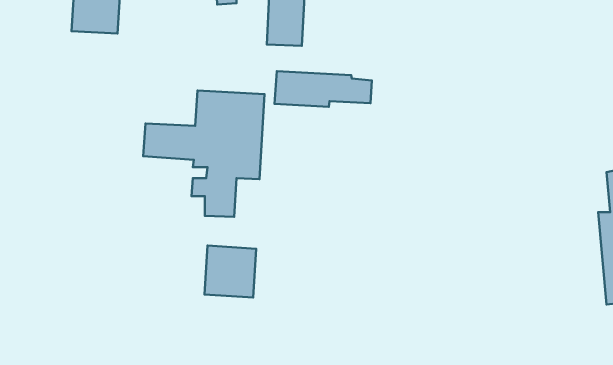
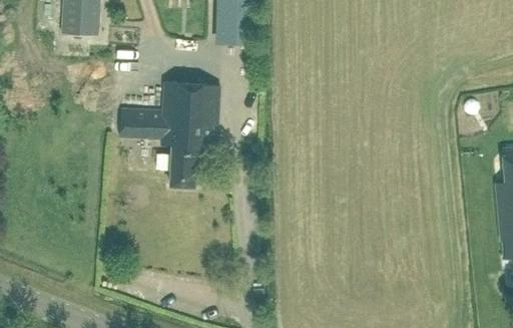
building: [275,71,372,107] -> none
building: [205,246,256,298] -> none

